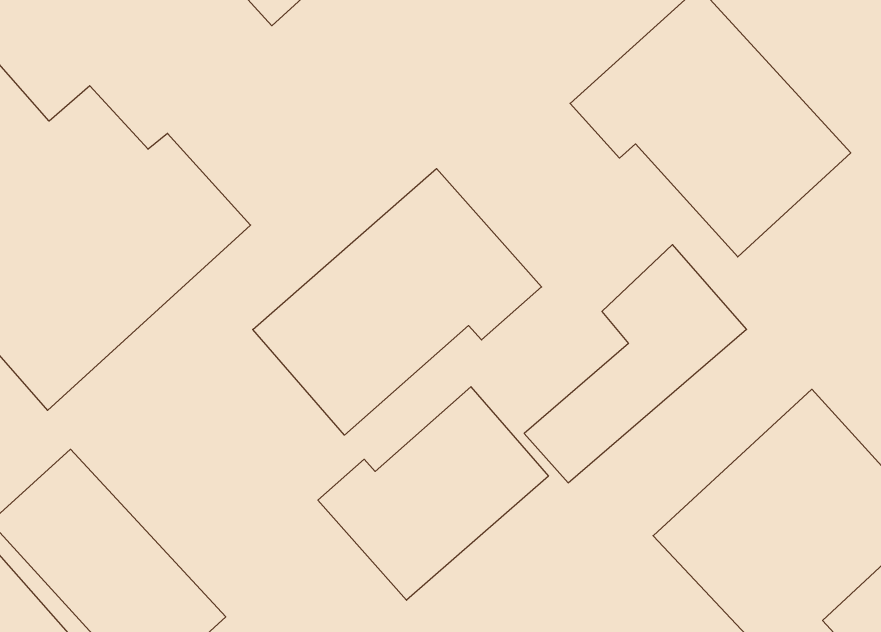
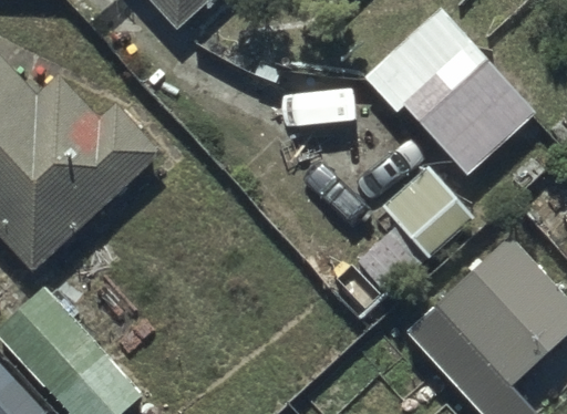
building: [253,169,542,435] -> none
building: [318,387,548,600] -> none

